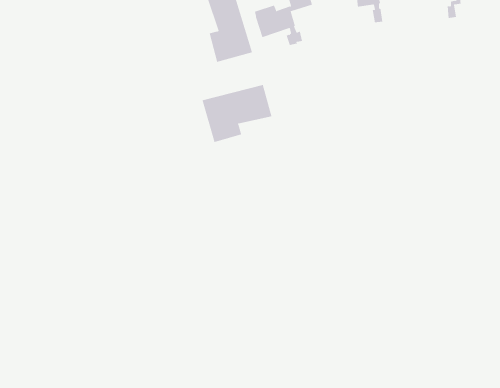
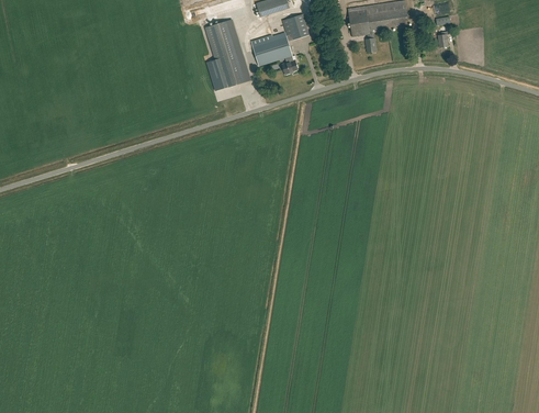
building: [202,84,272,143] -> none

